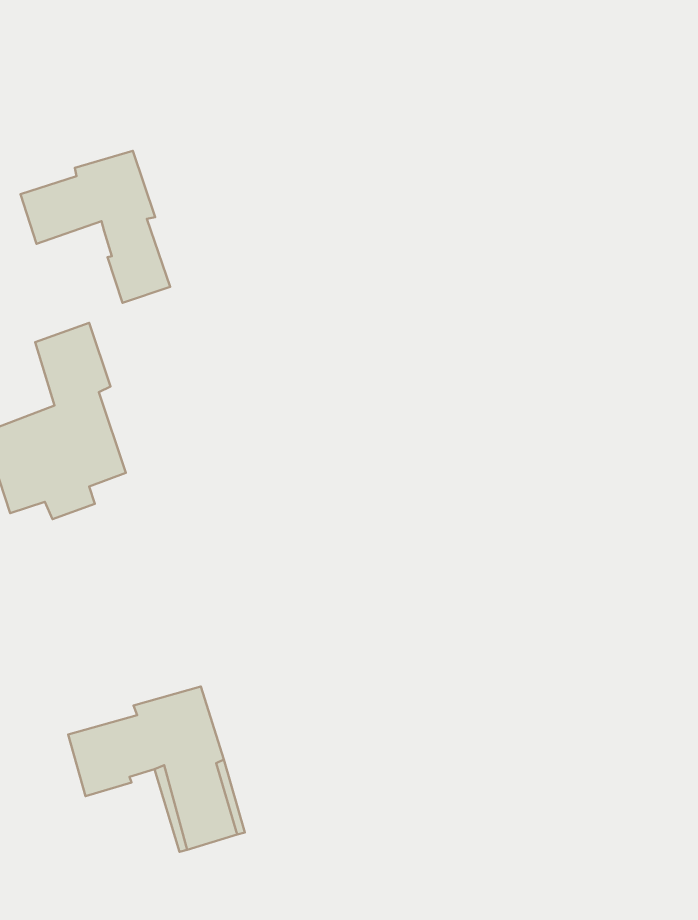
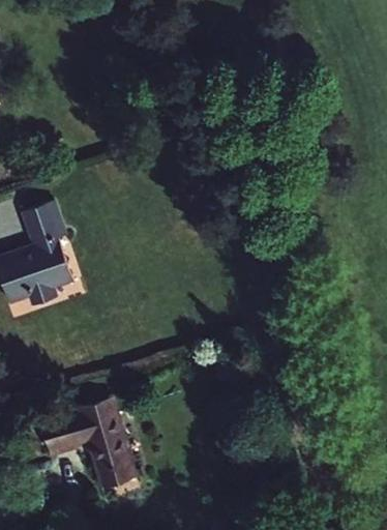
building: [21,151,170,303] -> none

